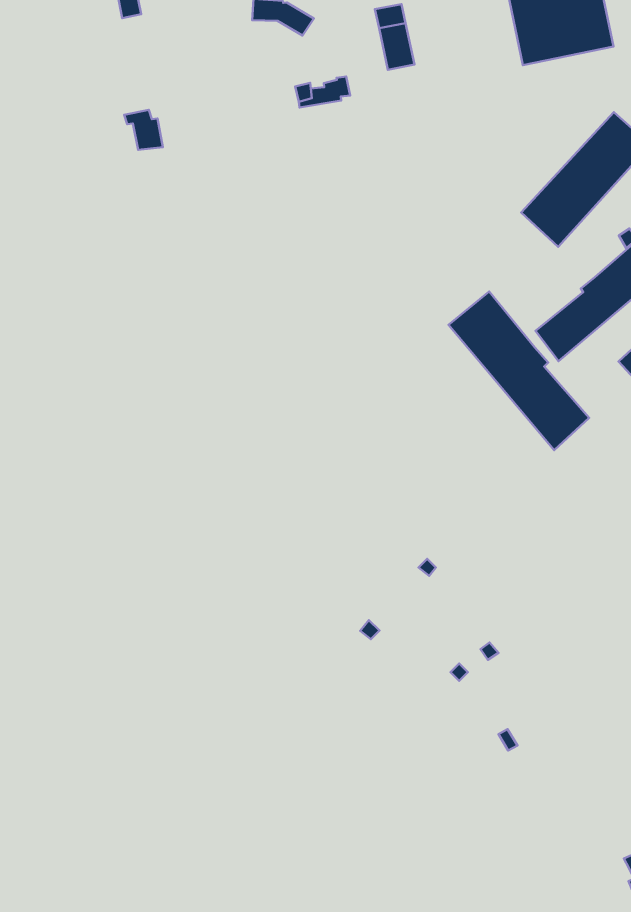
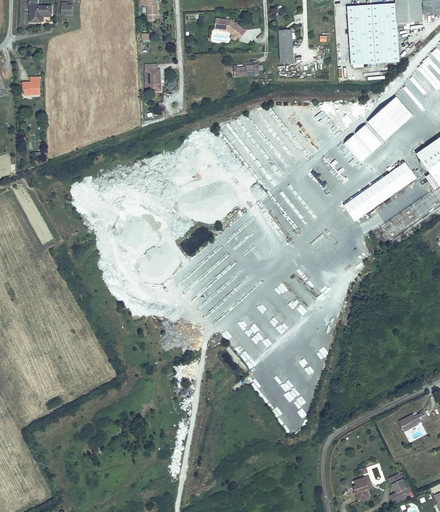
building: [449,291,589,450] -> none

